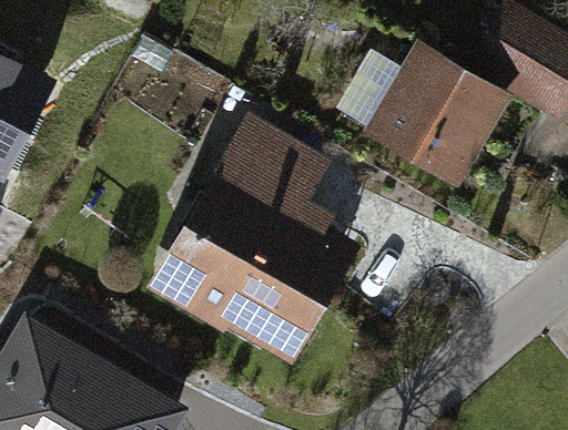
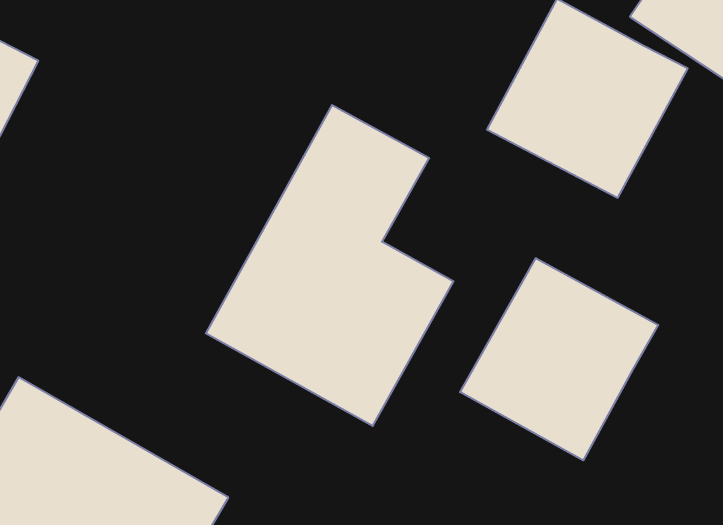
building: none -> [460,258,658,460]

